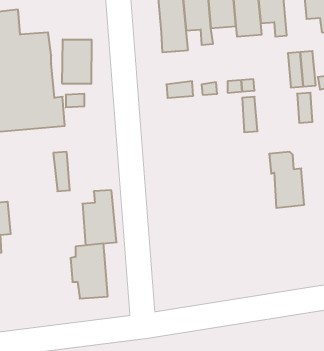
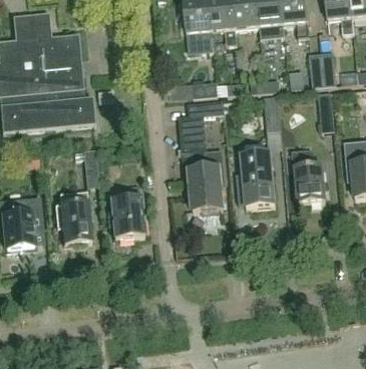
building: [62,39,92,84] -> none
building: none -> [178,100,227,212]
building: none -> [243,151,276,207]
building: [70,243,108,299] -> [55,190,91,243]

